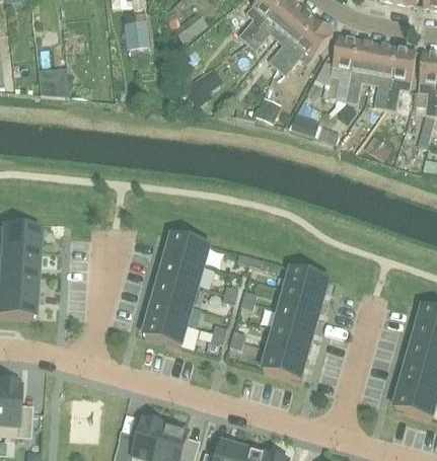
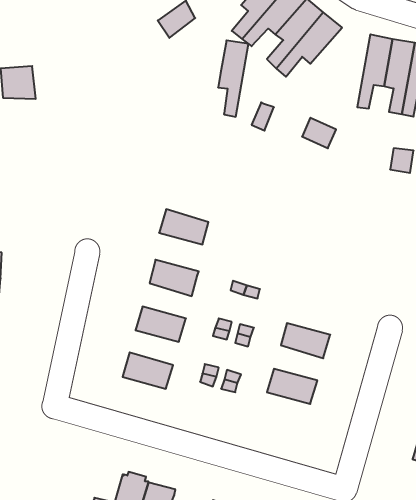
building: [124,19,149,48] -> none
building: [331,35,357,101] -> [218,40,249,117]
building: [160,253,203,284] -> [159,209,208,244]
building: [285,266,329,298] -> none
building: [149,294,192,324] -> none
building: [274,307,316,337] -> none
building: [263,348,305,378] -> none

